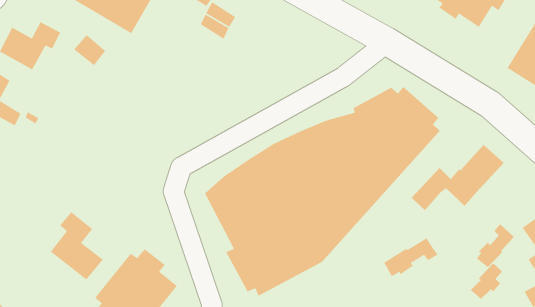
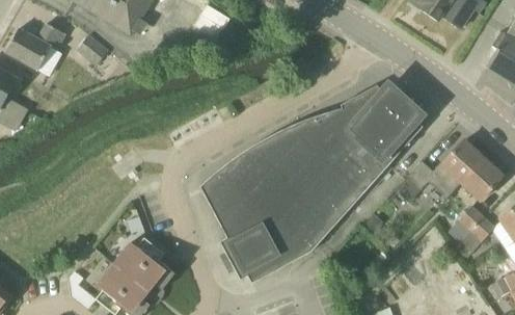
building: none -> [461,156,504,200]
building: [50,211,104,281] -> none
building: [383,237,438,277] -> none
building: [470,263,503,300] -> [449,205,480,240]

